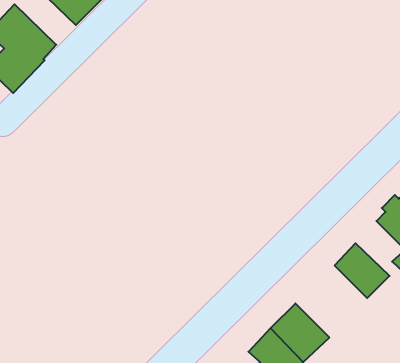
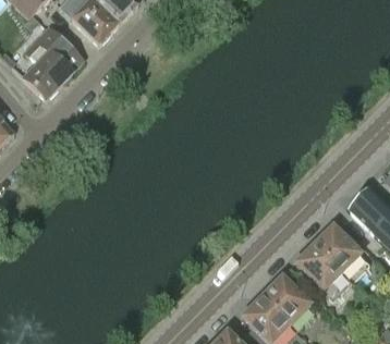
building: none -> [295,245,342,296]

